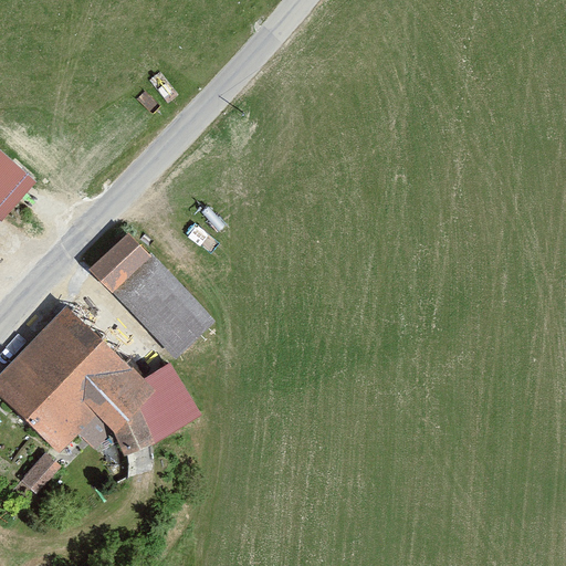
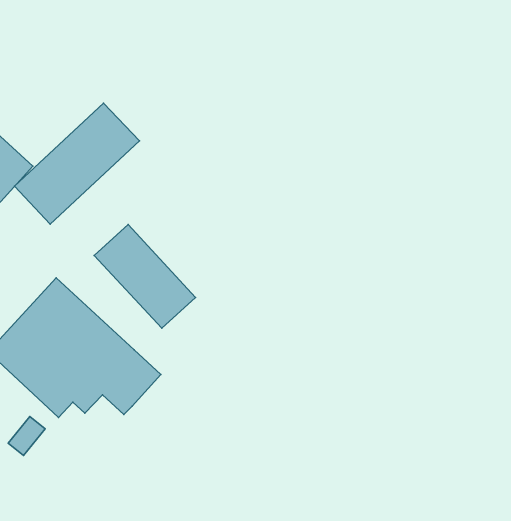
building: none -> [14,103,140,224]
building: [143,366,198,441] -> none

